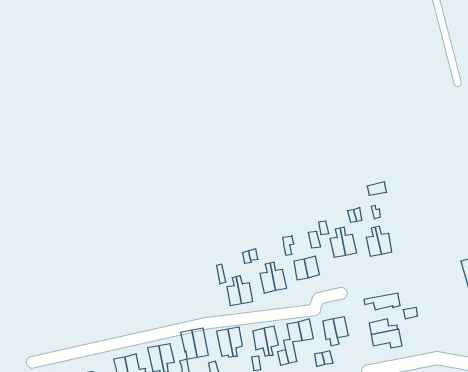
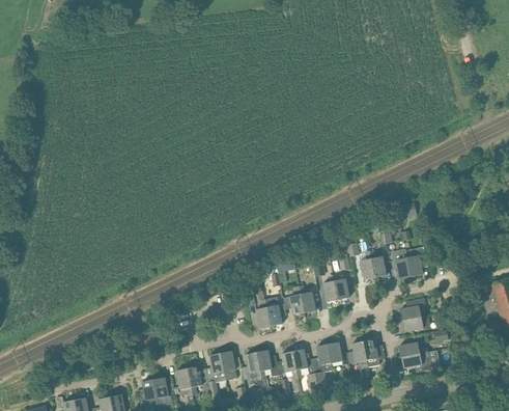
building: none -> [394,298,428,322]

